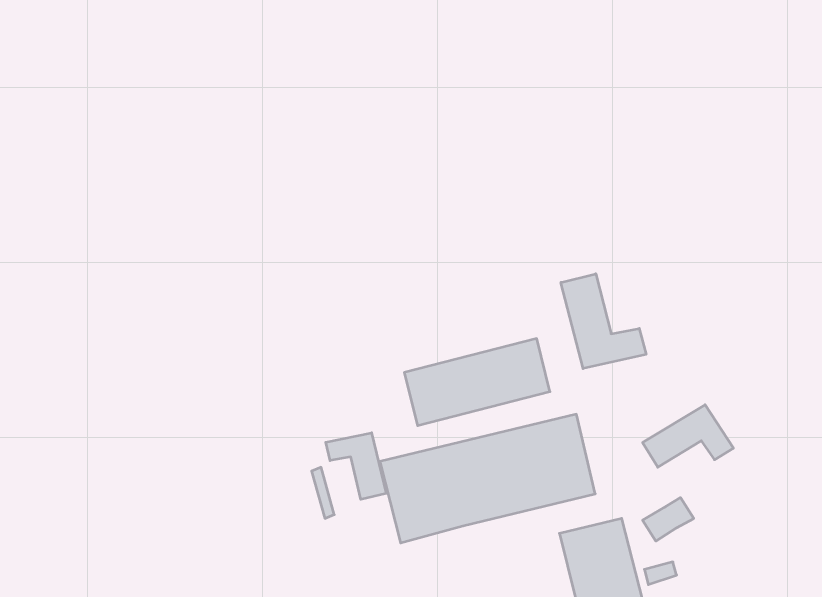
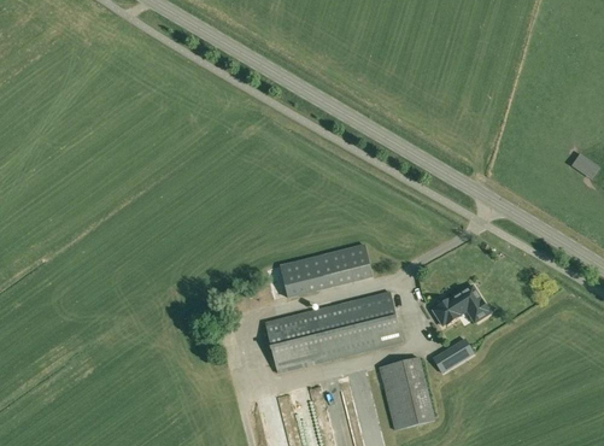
building: [561,274,646,369] -> none
building: [326,433,386,499] -> none

